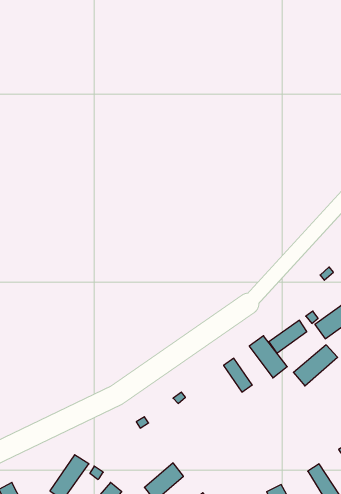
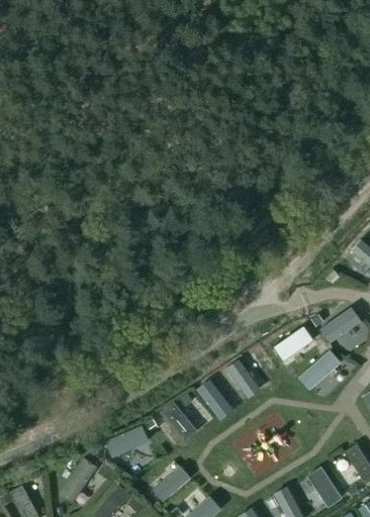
building: [249,336,287,378] -> [196,380,234,421]
building: none -> [160,402,198,442]
building: none -> [104,426,149,457]

